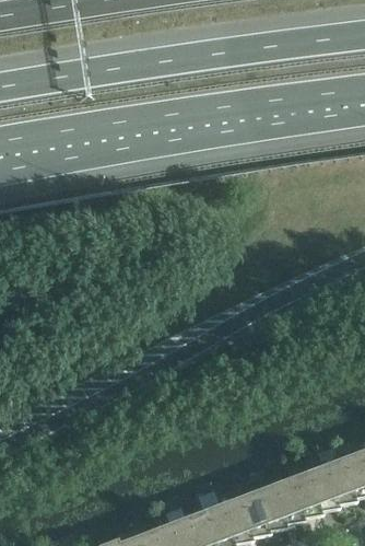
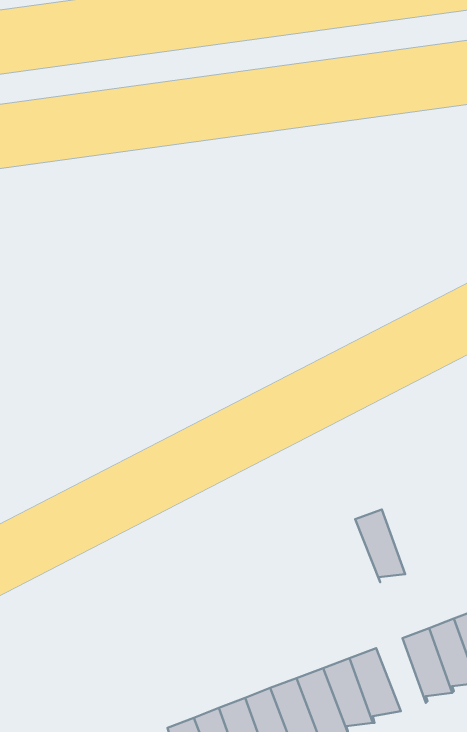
building: [275,474,308,522] -> [355,509,405,582]

